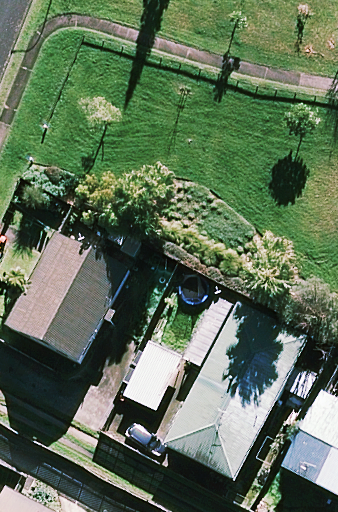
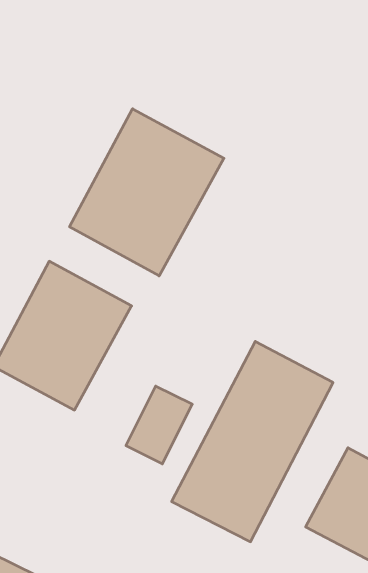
building: none -> [70,109,224,276]

